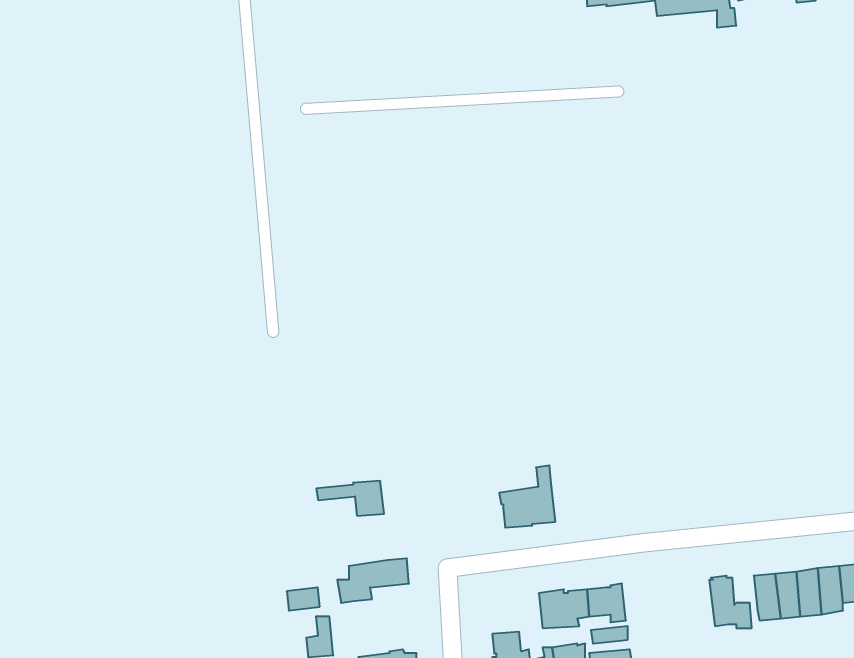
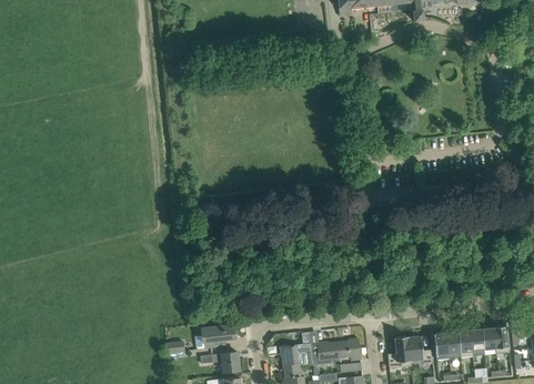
building: [499,466,555,528] -> [281,332,313,367]
building: [316,481,384,516] -> [201,352,240,372]
building: none -> [389,336,412,368]

